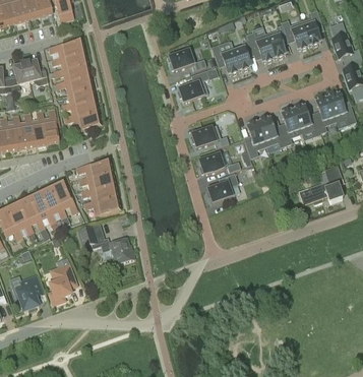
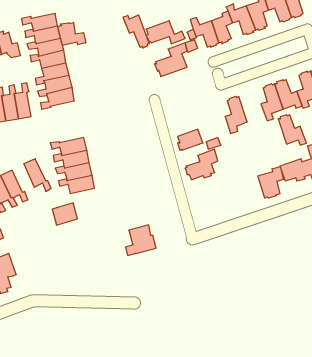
building: none -> [123,15,149,48]
building: none -> [58,22,86,45]
building: [258,118,286,147] -> [278,115,307,145]
building: [190,125,229,148] -> none
building: [40,187,69,224] -> none
building: none -> [258,166,284,198]
building: [105,238,134,267] -> [126,225,156,255]
building: [50,260,76,304] -> none

